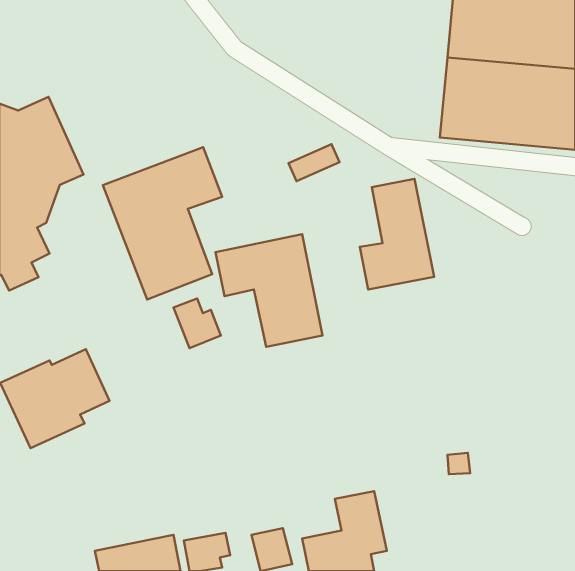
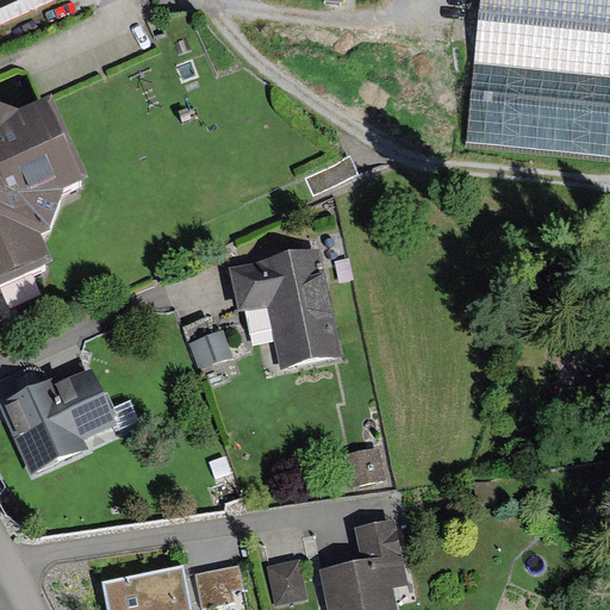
building: [103,147,222,299] -> none
building: [360,179,434,289] -> none
building: none -> [344,446,386,486]

